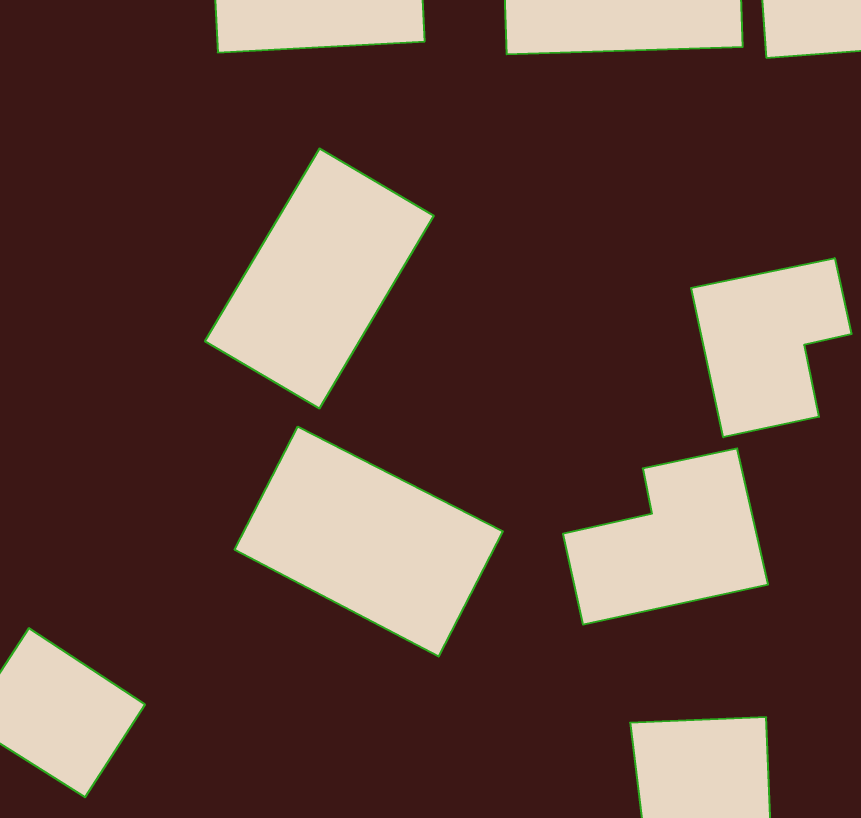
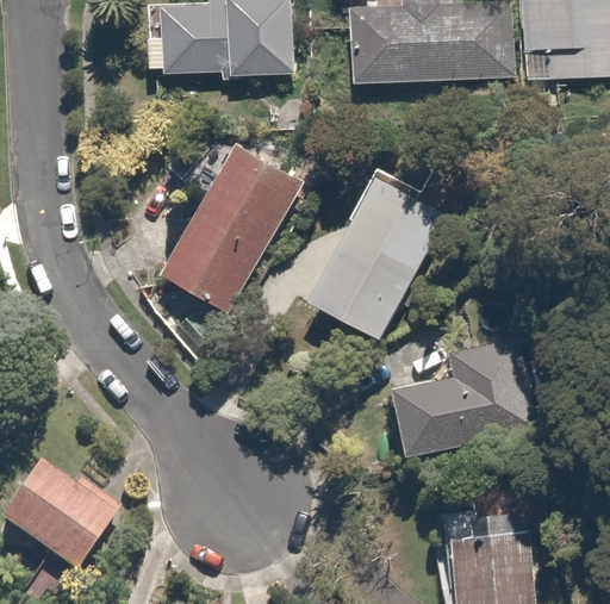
building: none -> [306,167,455,335]
building: [691,258,852,437] -> none
building: [235,427,503,657] -> none

